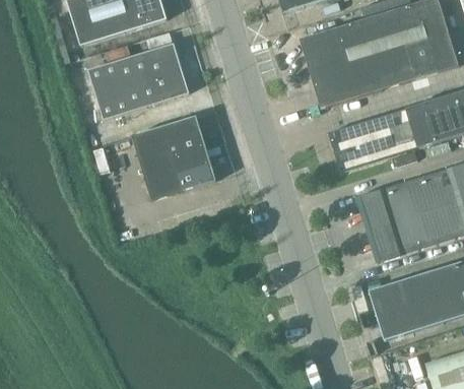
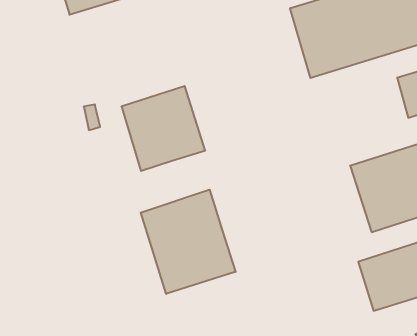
building: [89,43,189,119] -> none
building: [329,108,418,171] -> none
building: none -> [141,190,236,294]

